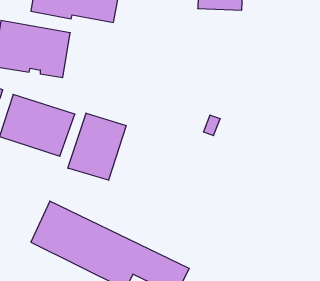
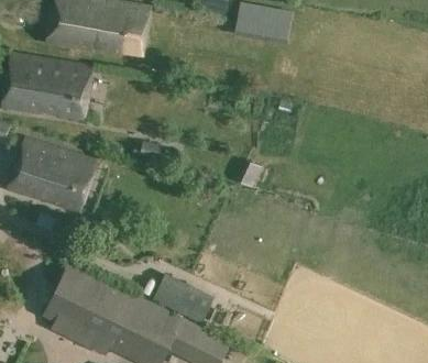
building: [68,113,126,180] -> none
building: none -> [158,278,218,322]

